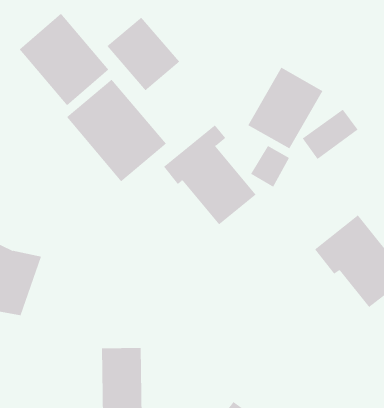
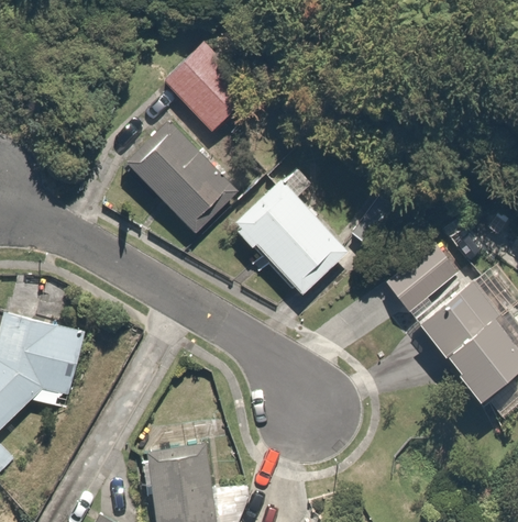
building: [19,13,109,106] -> none
building: [247,67,323,149] -> none
building: [302,109,358,160] -> [377,246,447,309]

